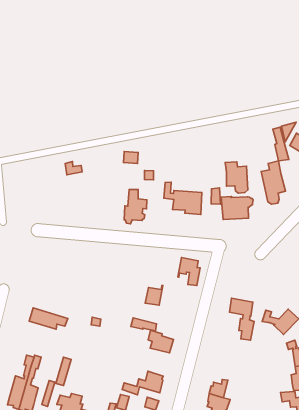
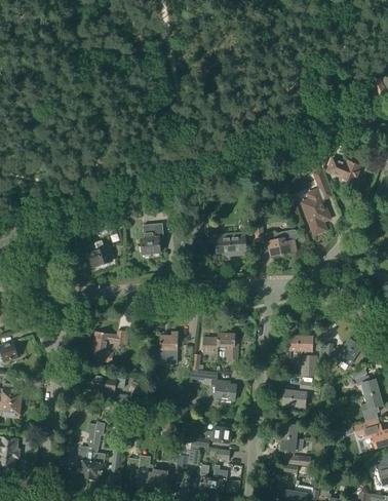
building: [225,162,248,193] -> none
building: none -> [84,240,111,266]
building: [124,189,147,224] -> [141,221,163,257]
building: [178,257,200,286] -> [217,333,238,359]
building: none -> [92,330,128,362]
building: none -> [159,332,178,364]
building: none -> [282,381,320,407]

